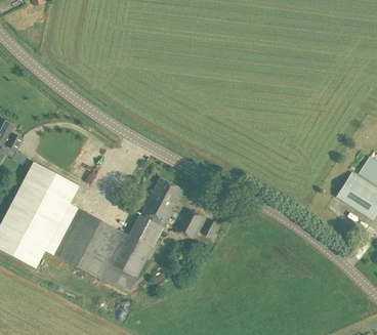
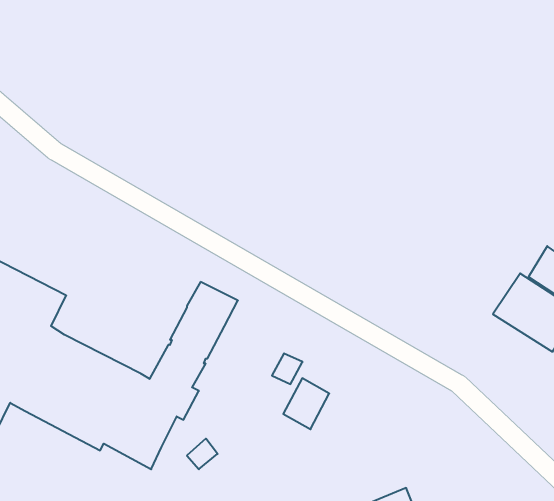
building: [175,208,203,239] -> [283,378,329,429]

